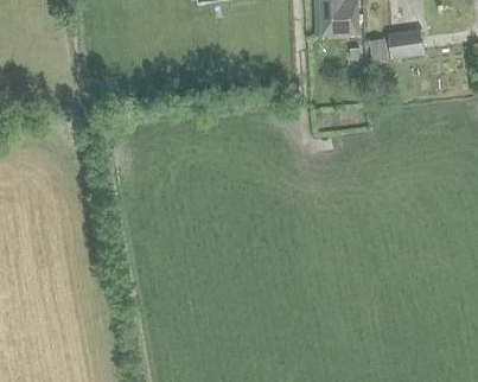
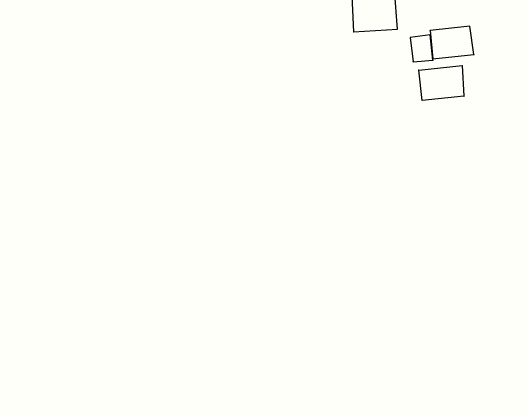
building: none -> [419,66,464,100]

